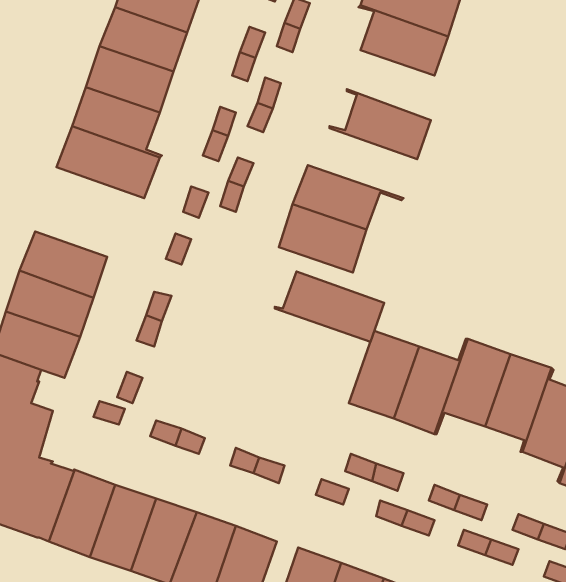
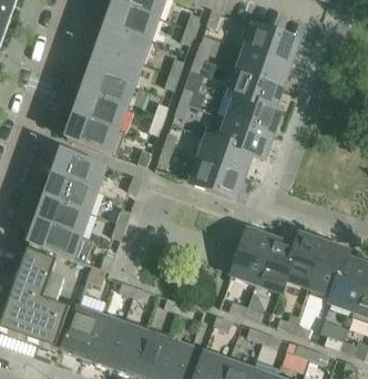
building: none -> [232,69,282,109]
building: none -> [54,147,104,186]
building: [275,272,384,342] -> [209,113,272,153]

